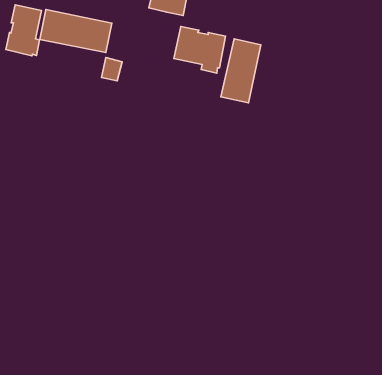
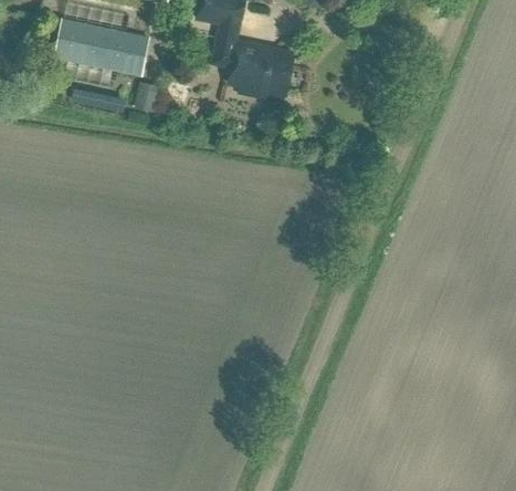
building: [6,5,41,56] -> none
building: [221,39,261,103] -> none

